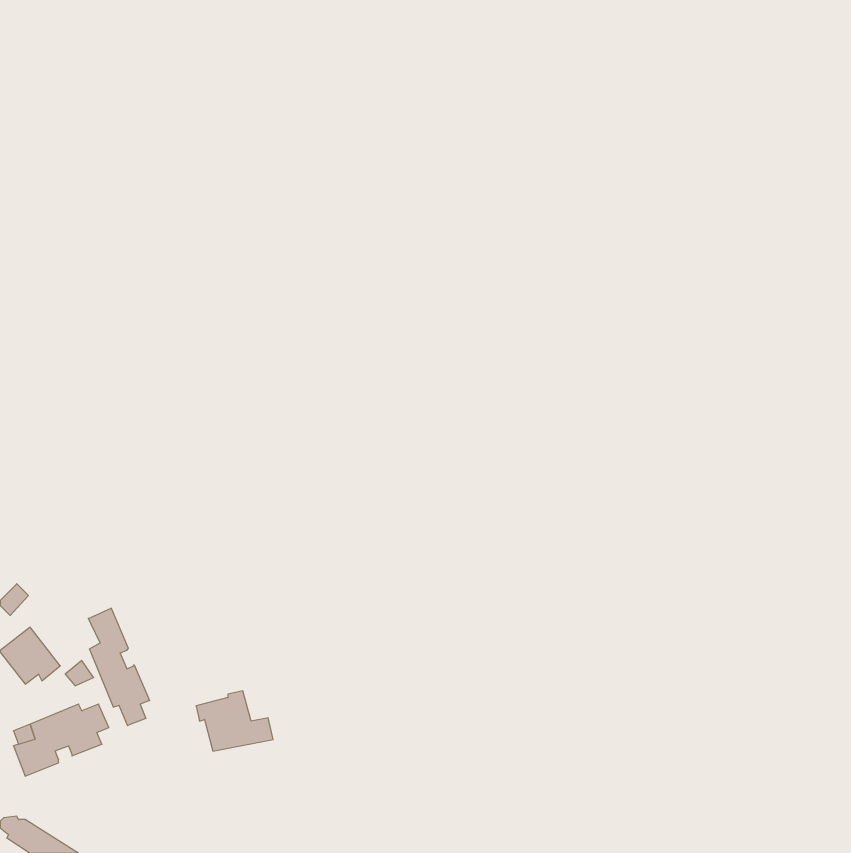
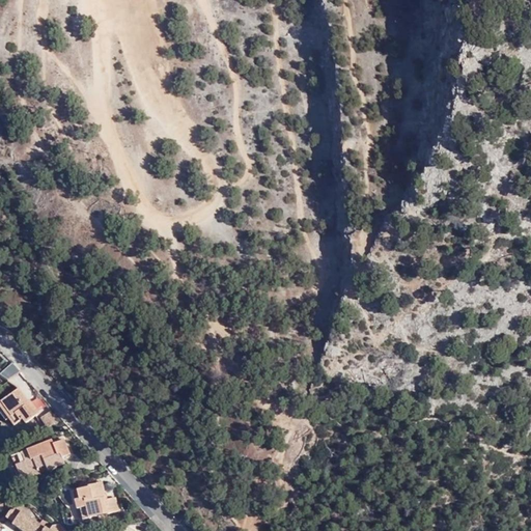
building: [88,608,149,726] -> none
building: [196,691,273,751] -> [71,480,118,518]

